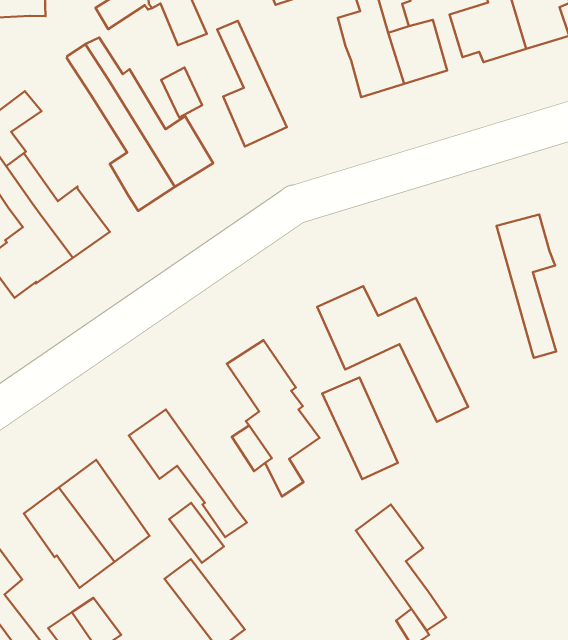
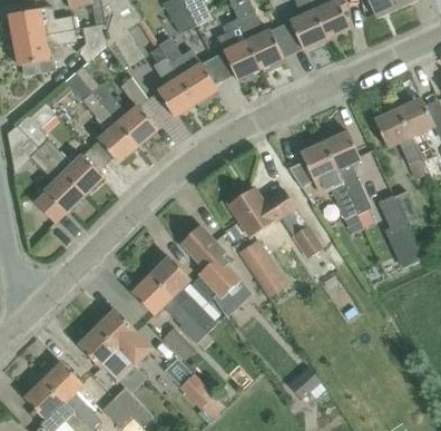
building: none -> [159,39,217,102]
building: none -> [288,141,355,217]
building: [356,504,446,630] -> [150,256,209,325]

